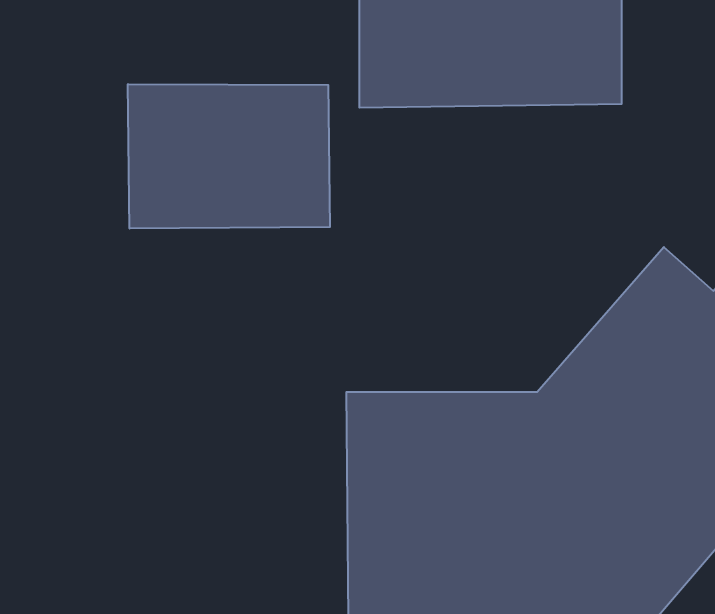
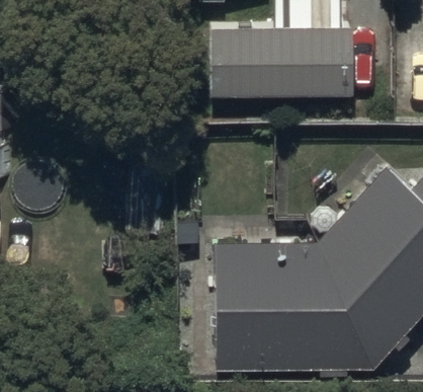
building: [128,84,330,229] -> none

